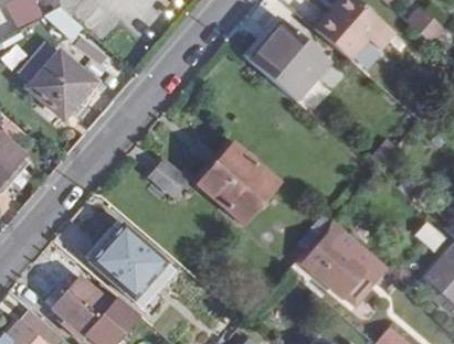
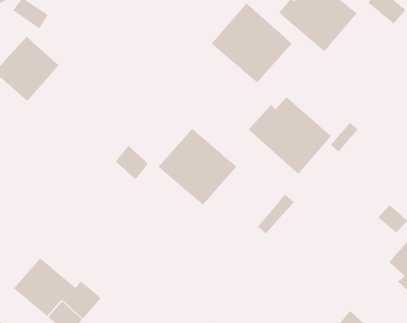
building: [87,221,163,295] -> none
building: [304,226,388,304] -> [248,96,332,175]

